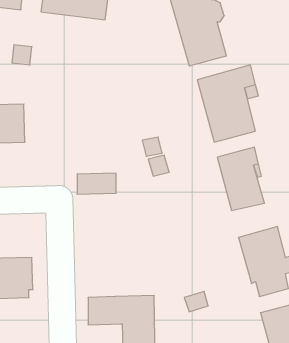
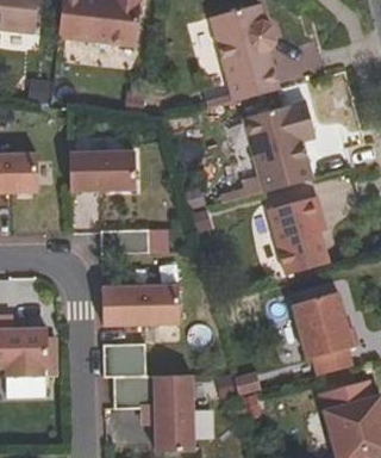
building: none -> [68,151,135,191]
building: none -> [101,284,179,324]
building: none -> [102,342,145,376]

